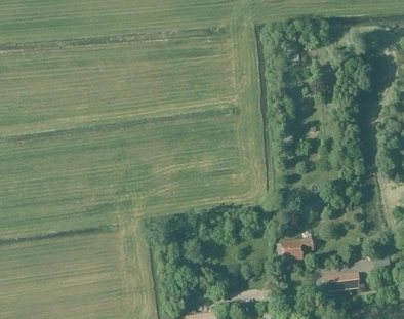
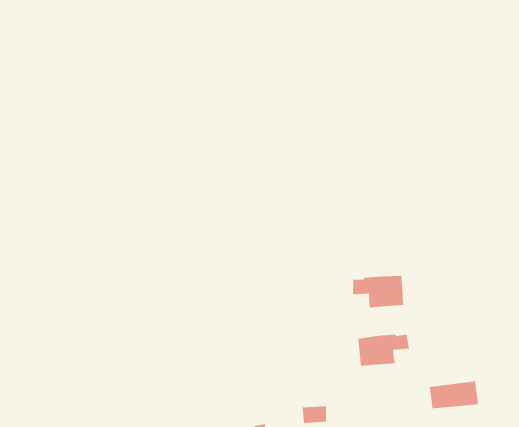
building: none -> [352,275,404,308]

